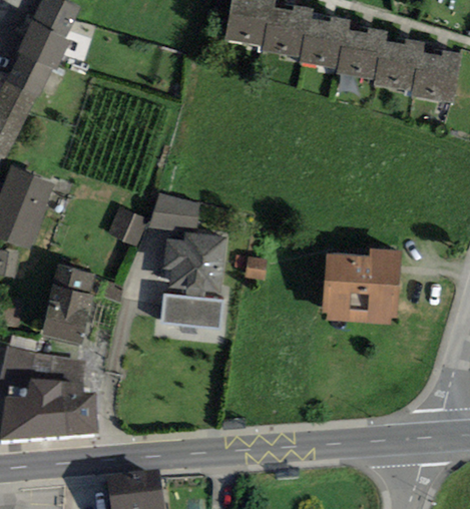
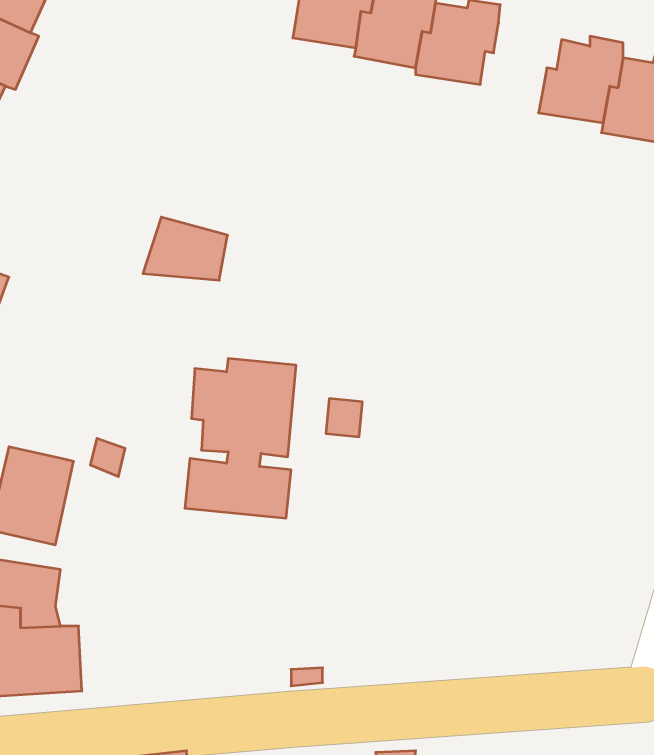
building: [337,27,388,79] -> none
building: [148,193,199,231] -> [143,217,228,280]
building: [106,207,146,245] -> none
building: [322,248,401,325] -> none
building: [53,265,93,294] -> none

